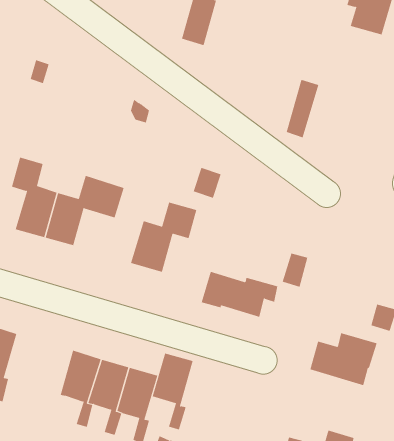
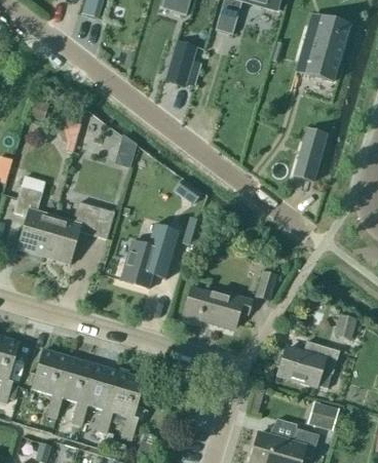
building: [286,79,319,138] -> [296,133,326,186]
building: [152,353,193,430] -> [31,349,68,418]
building: none -> [307,400,338,429]

